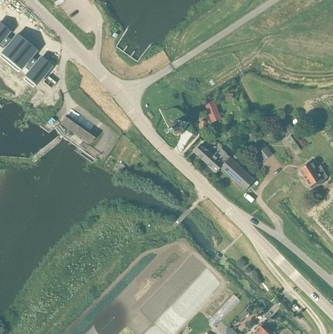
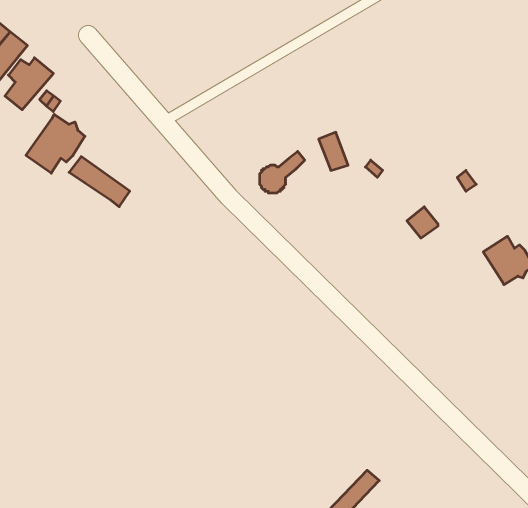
building: none -> [26,114,85,173]
building: [194,143,255,190] -> none

